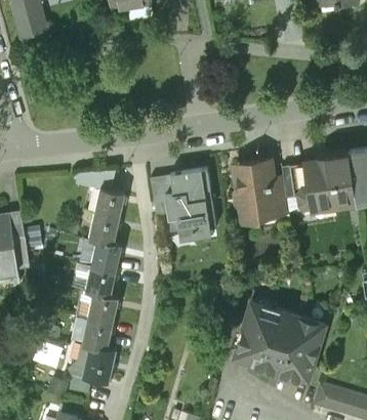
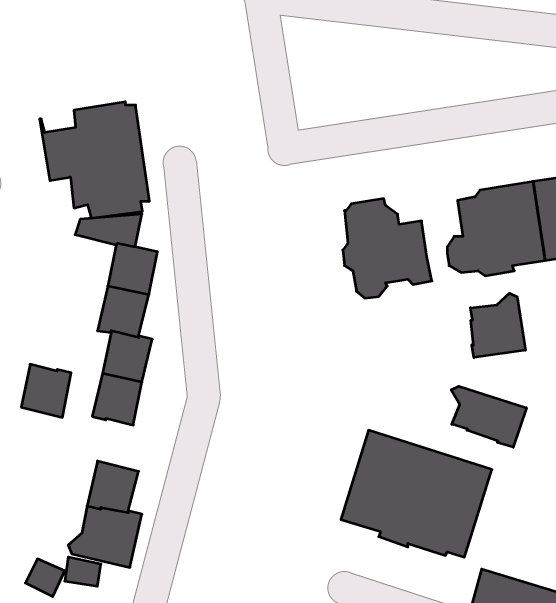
building: [281,163,307,197] -> none
building: [150,168,215,238] -> [40,102,149,218]
building: none -> [470,293,525,358]
building: none -> [451,386,526,447]
building: [88,293,118,325] -> [21,364,71,417]

